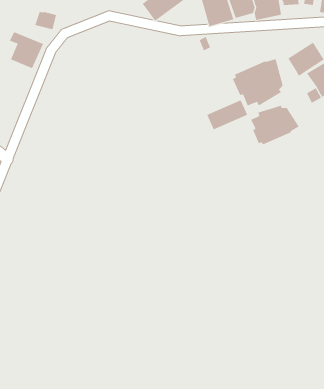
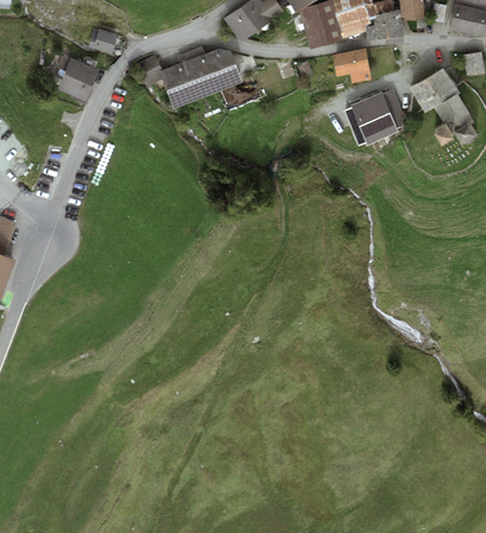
building: none -> [139,46,244,109]
building: none -> [333,47,371,82]
building: [206,100,248,130] -> none
building: [250,105,300,145] -> none

